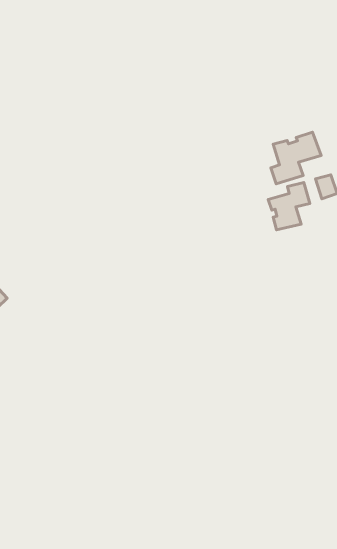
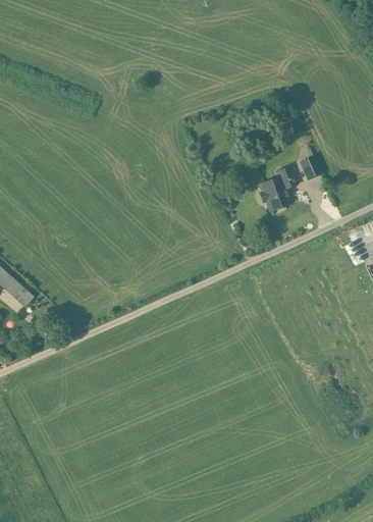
building: [271,132,321,184] -> none

